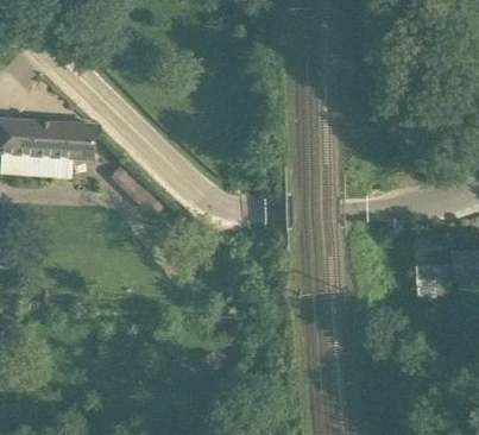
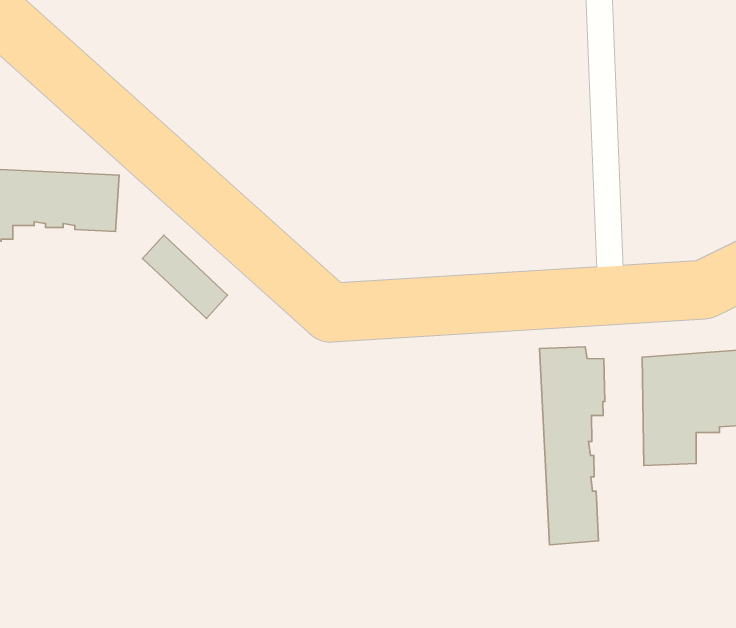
building: none -> [539,347,605,545]

